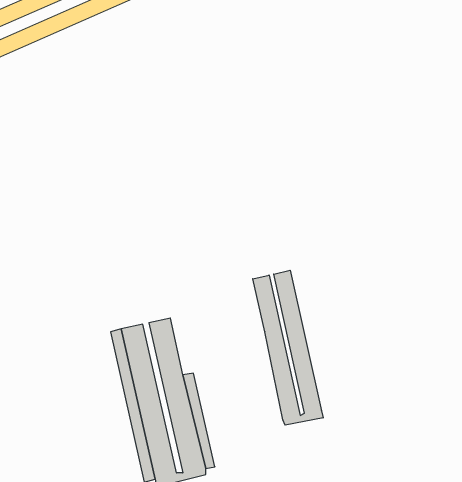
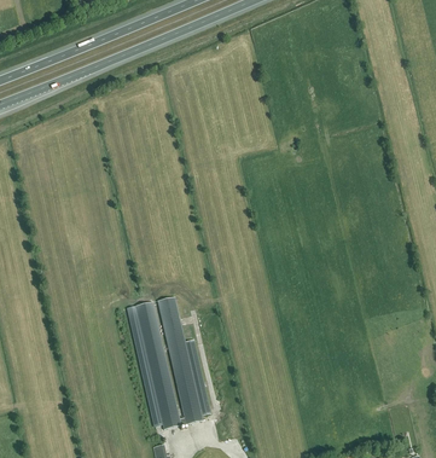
building: [253,270,323,425] -> none

